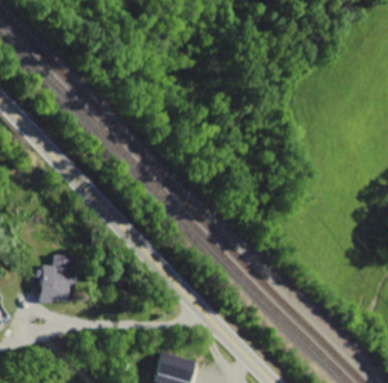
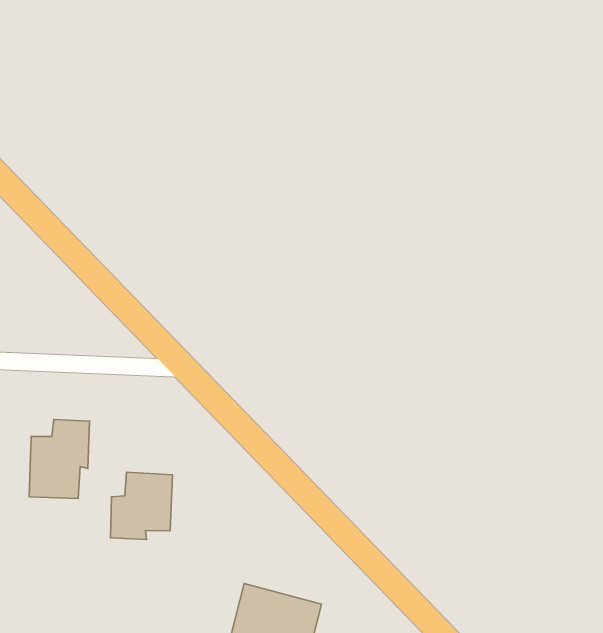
building: none -> [110,472,173,539]

